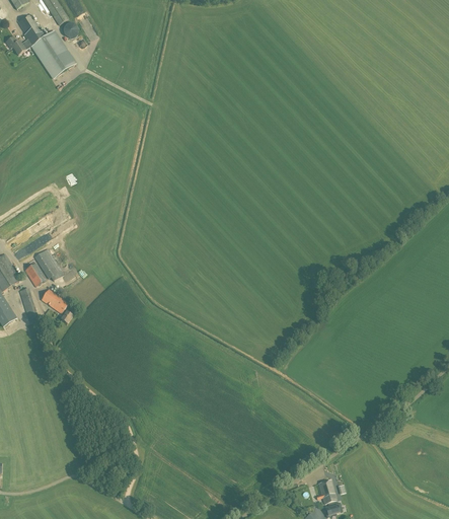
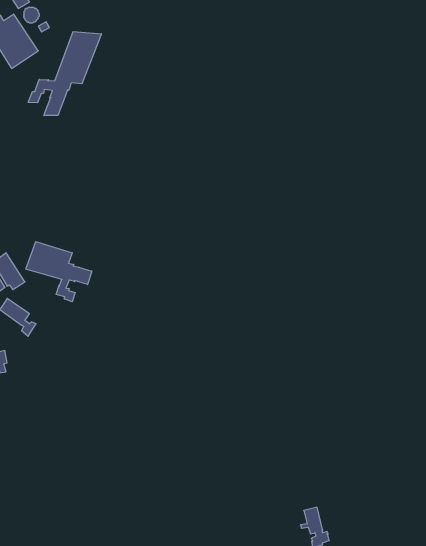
building: none -> [28,32,101,115]
building: none -> [26,242,92,302]

